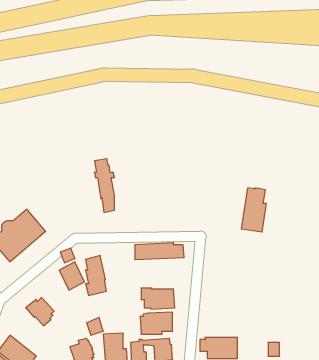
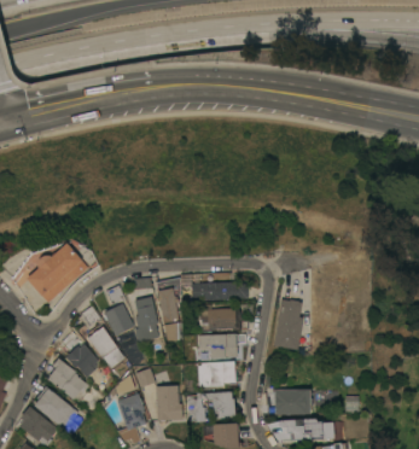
building: [94,159,114,212] -> [157,280,180,342]
building: [241,188,266,232] -> [274,299,303,350]
building: none -> [199,308,237,331]
building: none -> [88,326,126,368]
building: none -> [47,357,89,400]

